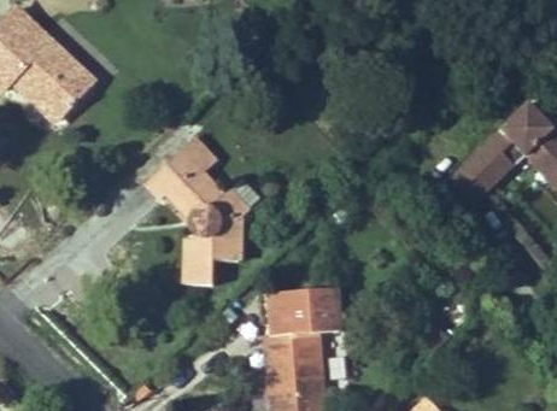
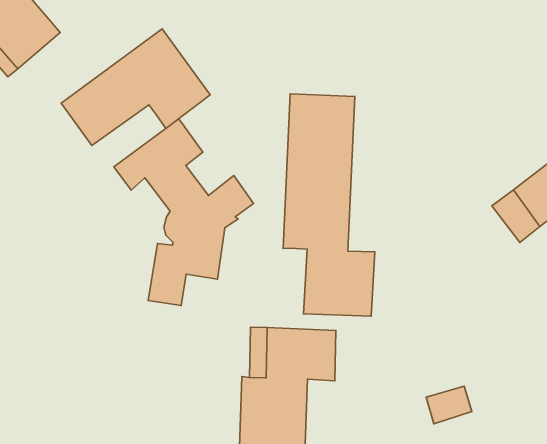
building: none -> [61,29,210,146]
building: none -> [283,94,375,316]

